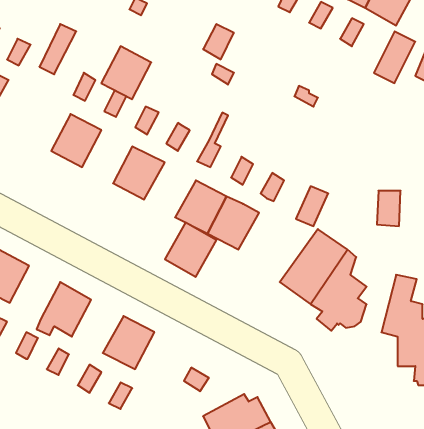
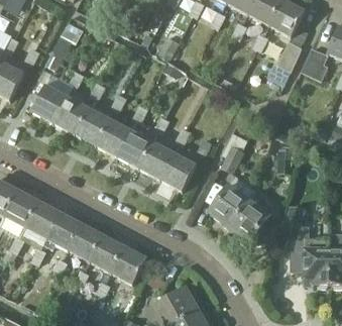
building: [101,46,151,99] -> [76,108,110,144]
building: none -> [33,85,68,122]
building: [165,222,216,277] -> [118,130,153,168]
building: none -> [26,201,61,237]
building: none -> [69,224,104,260]
building: none -> [112,246,147,284]

